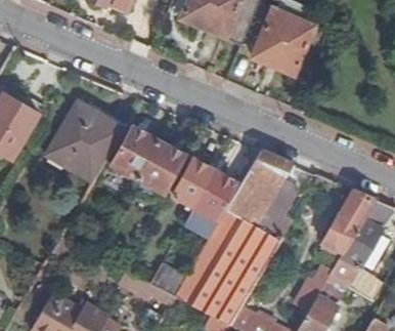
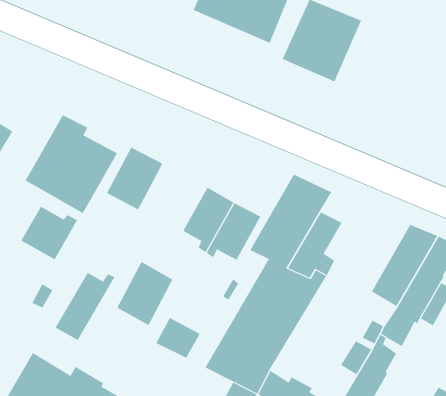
building: [137,141,182,193] -> [116,261,173,326]
building: none -> [20,206,78,260]
building: none -> [55,272,115,341]

